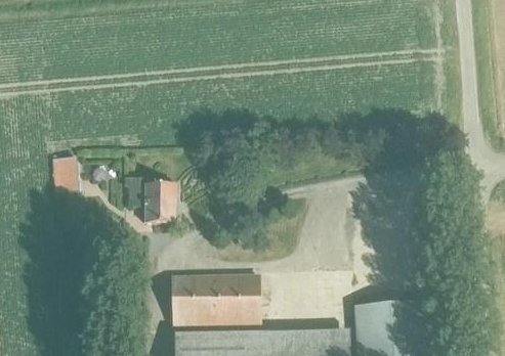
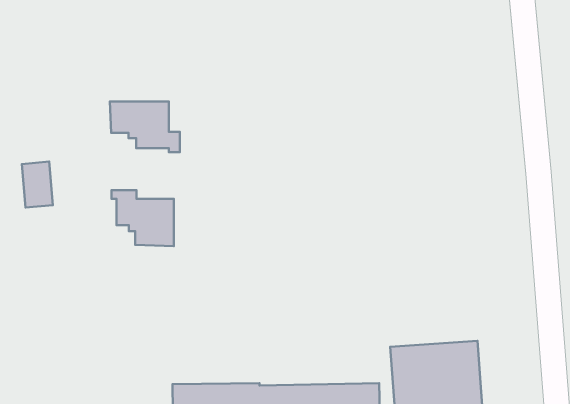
building: none -> [110,102,180,152]
building: [173,274,259,323] -> none

